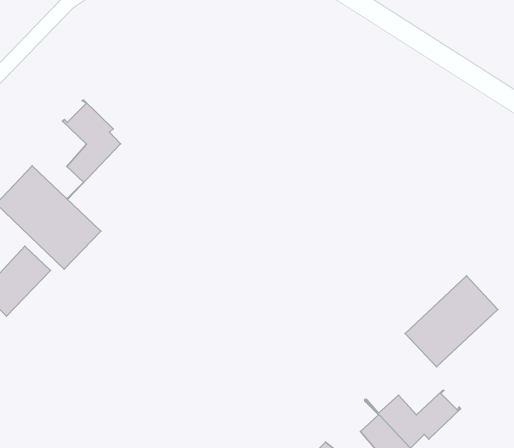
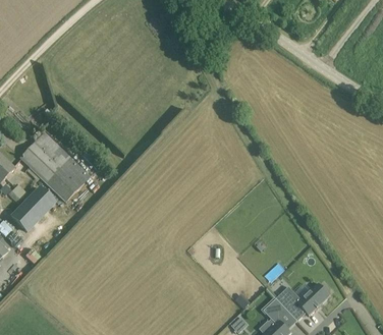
building: [63,100,121,199] -> none
building: [405,276,498,367] -> none

